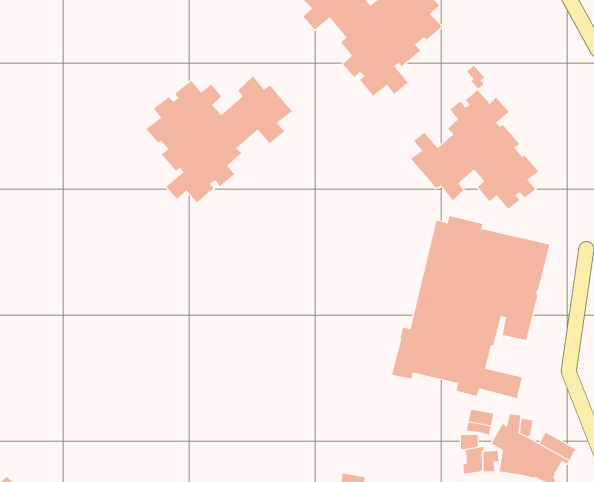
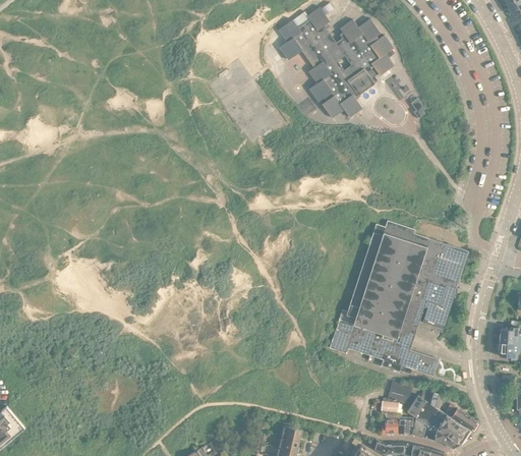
building: [145,76,293,203] -> none
building: [410,89,539,210] -> none

